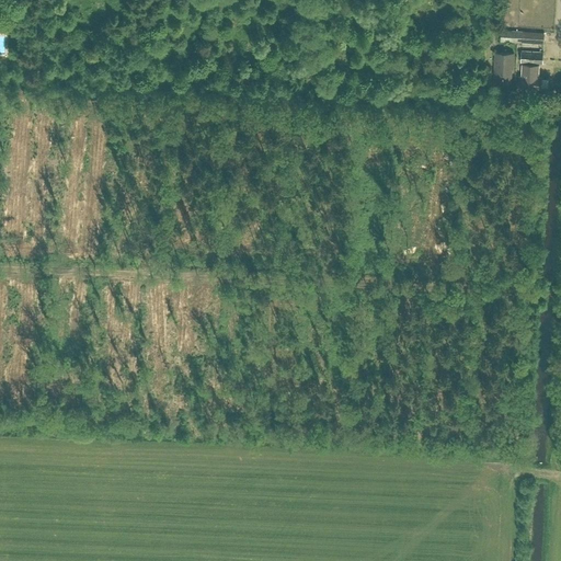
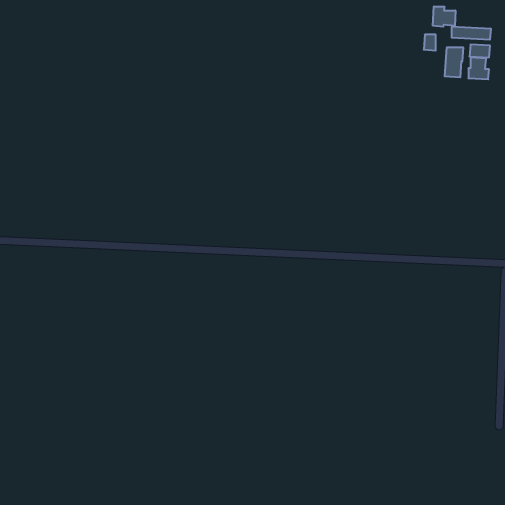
building: none -> [433,6,455,27]

